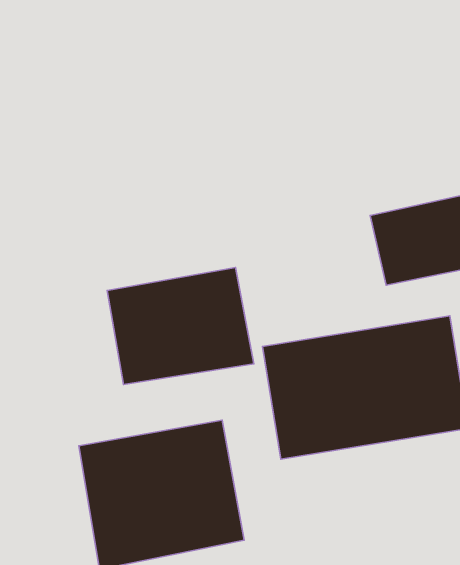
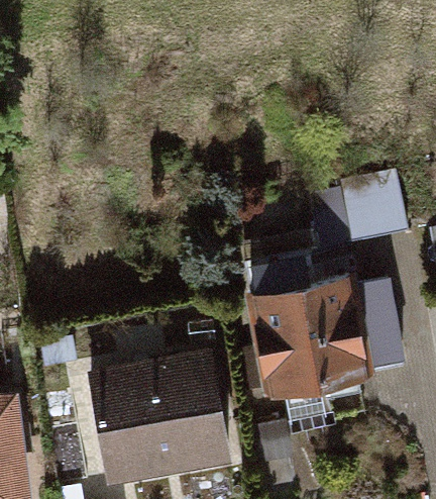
building: [107,267,254,384] -> none

